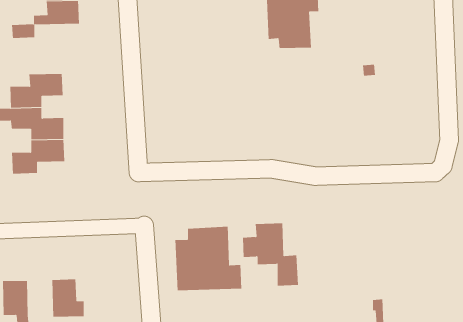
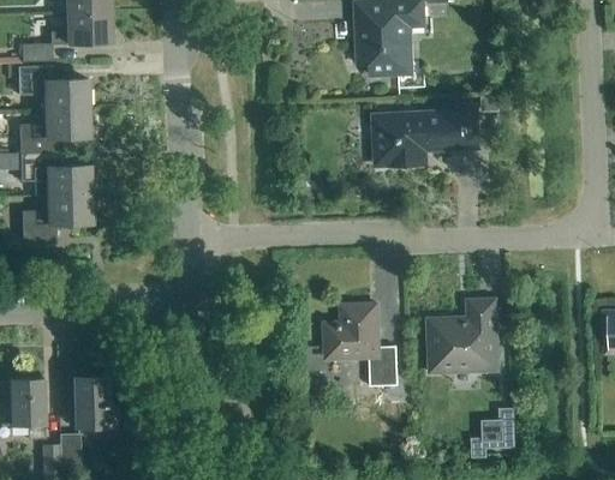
building: none -> [17,66,88,109]
building: none -> [372,106,478,166]
building: none -> [428,299,497,372]
building: [175,226,242,291] -> none

